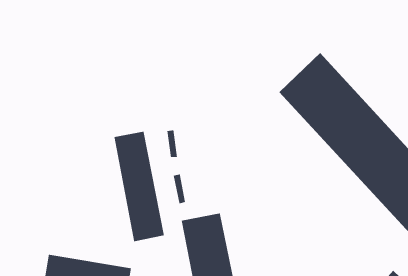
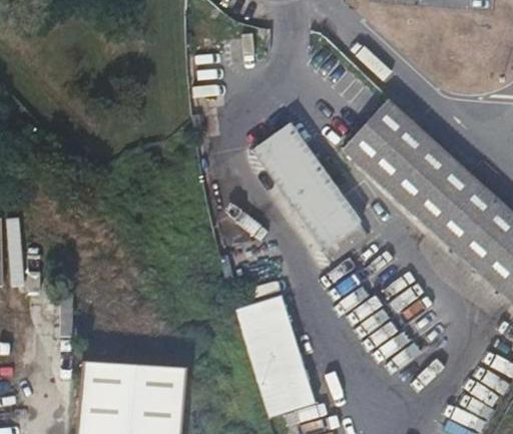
building: none -> [251,121,358,246]
building: [114,131,164,242] -> none

